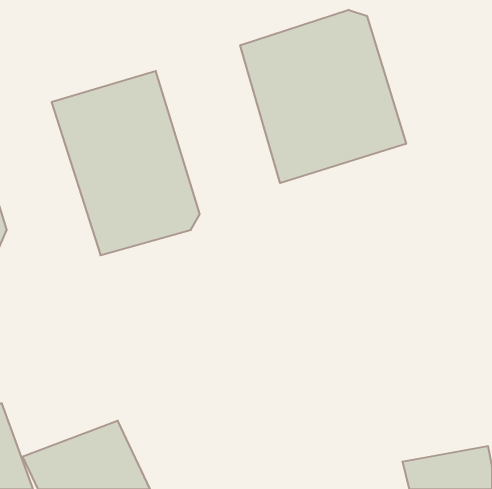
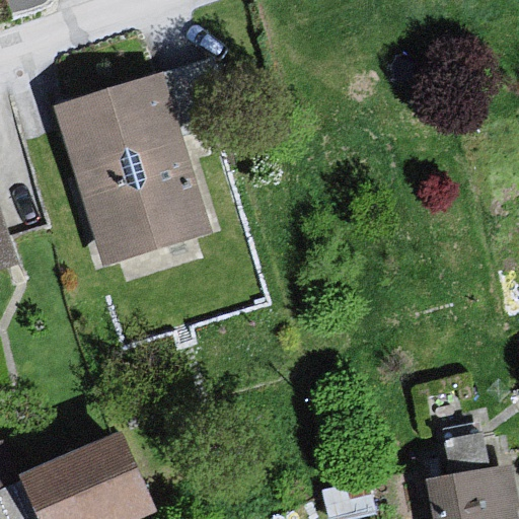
building: [240,10,406,183] -> none

